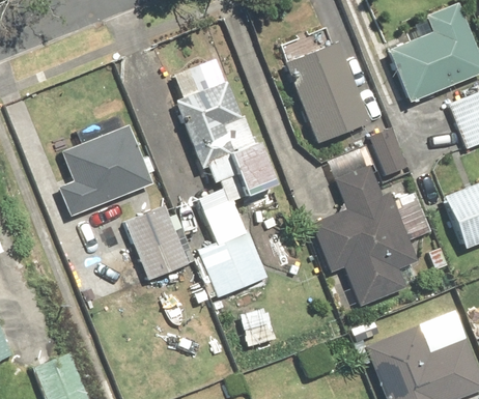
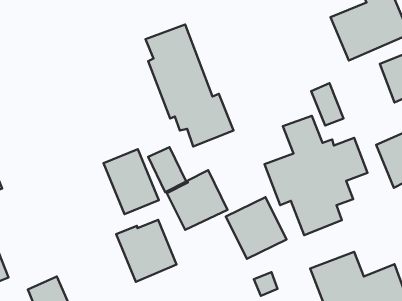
building: [285,42,369,143] -> none
building: [60,114,153,216] -> none
building: none -> [226,197,286,259]
building: none -> [116,220,176,282]

